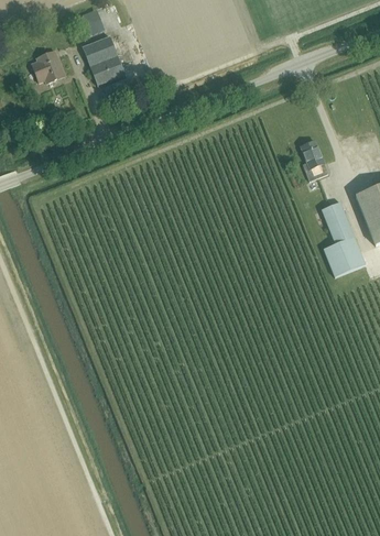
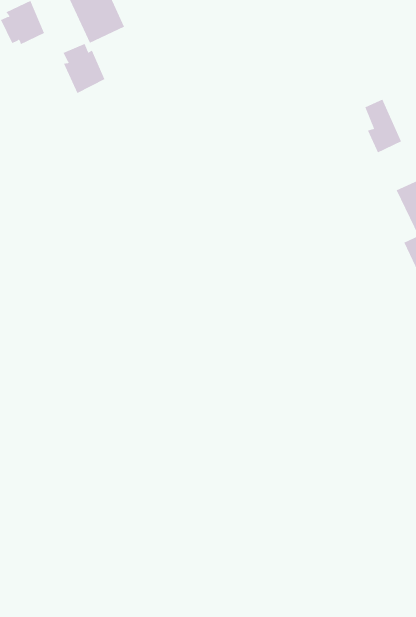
building: none -> [63,43,105,94]

